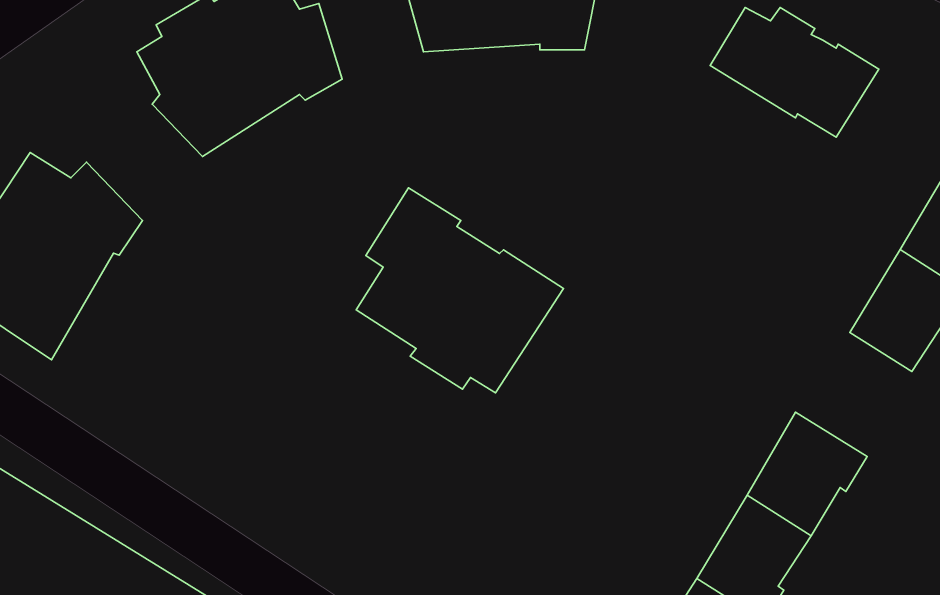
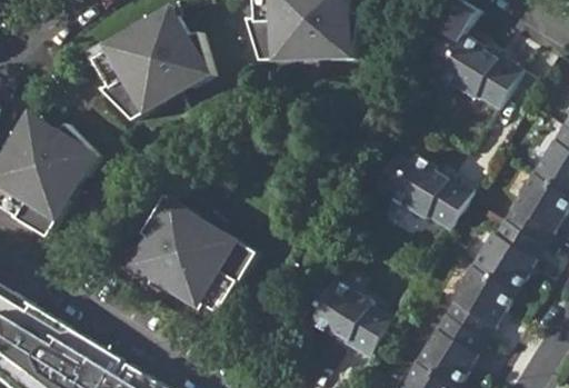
building: [356,188,563,393] -> [137,193,256,311]
building: none -> [376,153,472,228]
building: none -> [473,220,540,291]
building: none -> [311,278,392,357]

